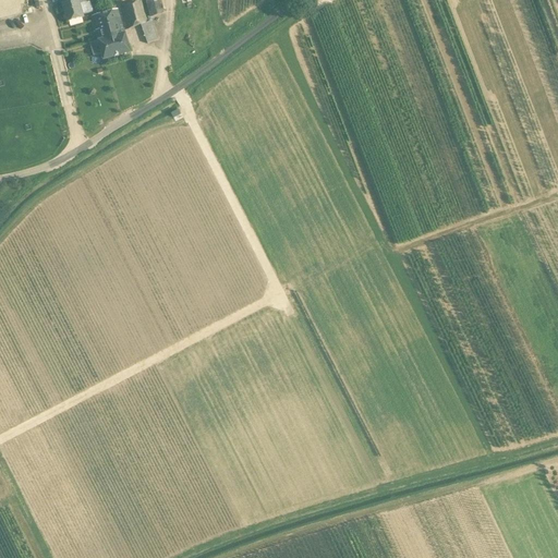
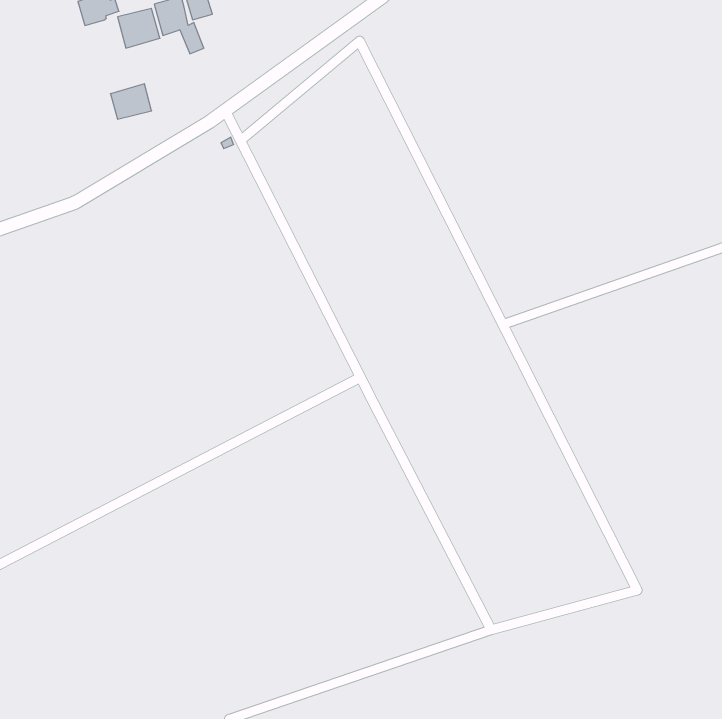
building: [97,29,129,57] -> [110,84,152,119]

